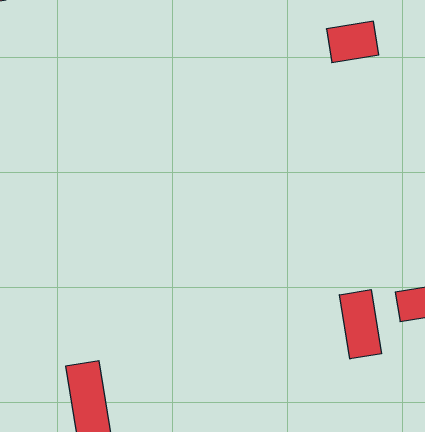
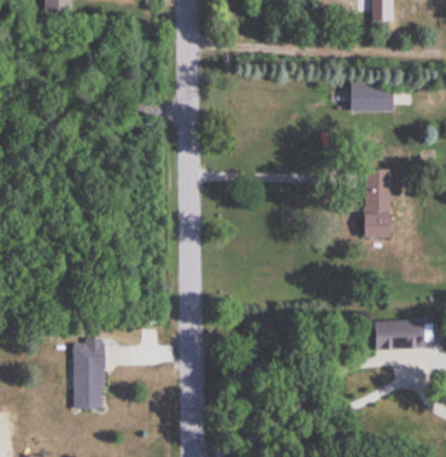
building: none -> [363,169,392,239]
building: [339,290,381,359] -> none

